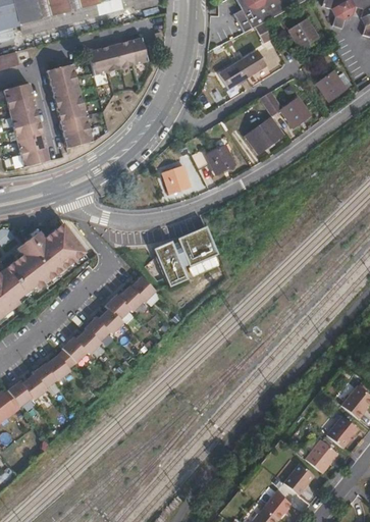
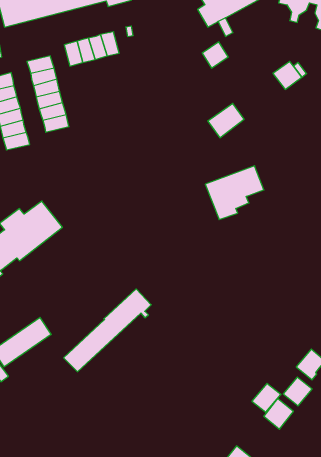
building: [288,18,319,49] -> none
building: [219,61,249,89] -> none
building: [260,91,312,127] -> none
building: [193,144,236,174] -> none
building: [162,165,191,194] -> none
building: [153,230,217,290] -> [205,166,264,220]
building: [63,270,159,361] -> [64,289,151,372]
building: [283,463,315,494] -> [252,383,281,412]

